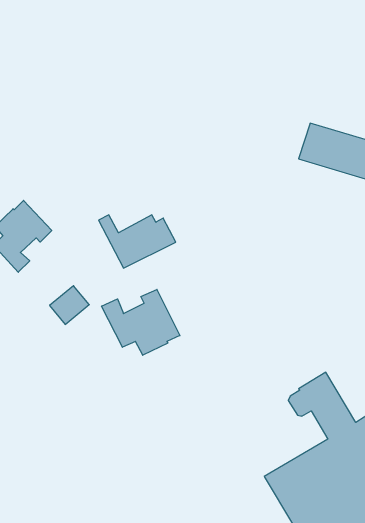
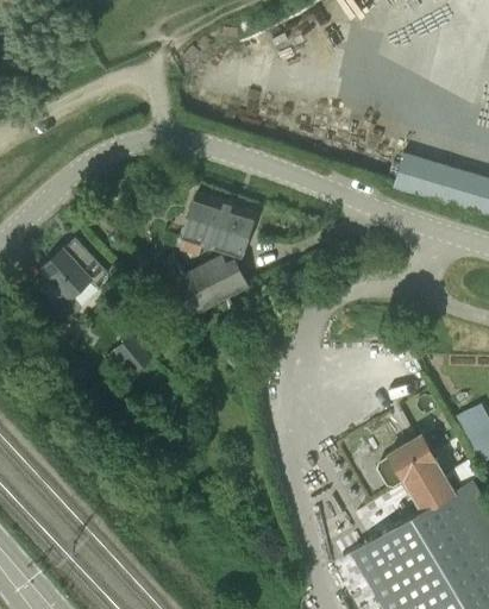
building: none -> [180,194,256,258]
building: [102,289,180,355] -> none

